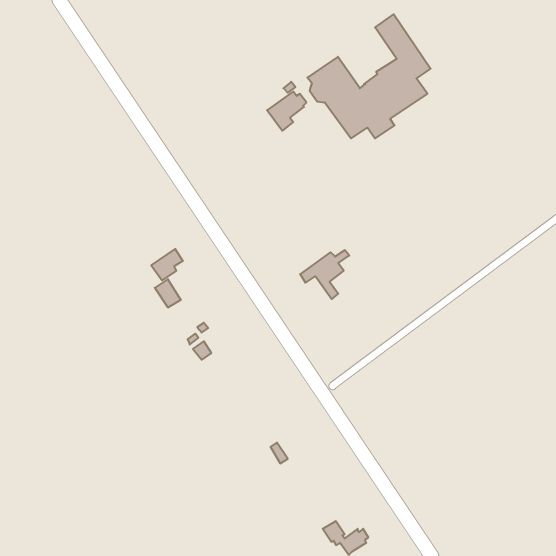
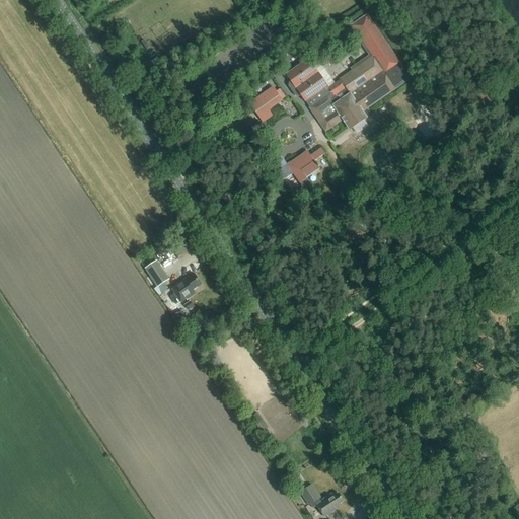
building: [151,249,183,280] -> [172,273,202,302]
building: [300,250,349,299] -> [280,148,325,194]

